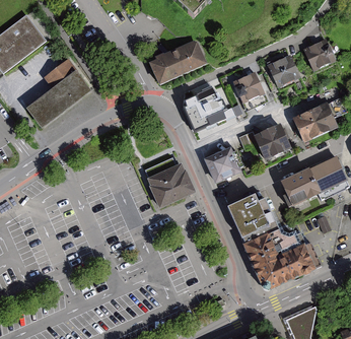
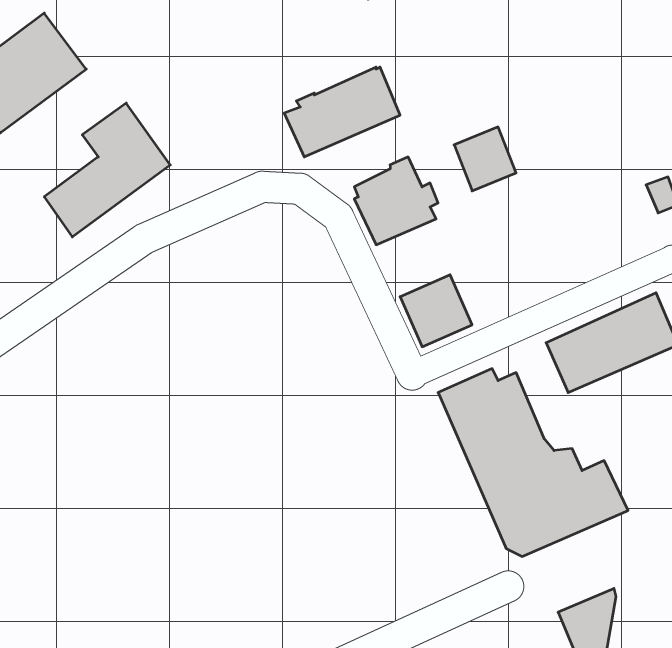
building: [305,39,336,70] -> none
building: [267,54,300,87] -> none
building: [294,101,337,139] -> none
building: [253,122,290,159] -> none
building: [145,156,193,204] -> none

